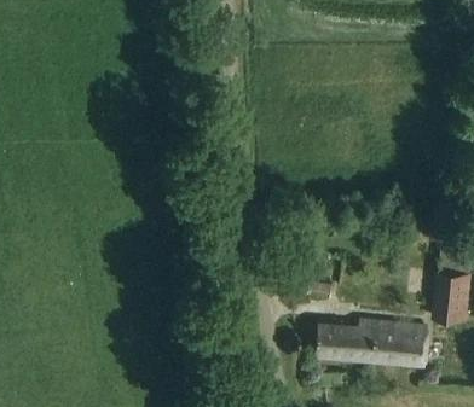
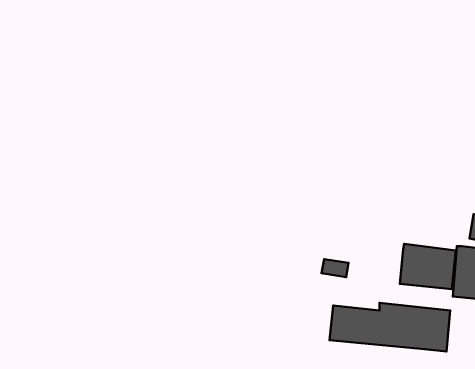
building: none -> [400,244,456,289]

